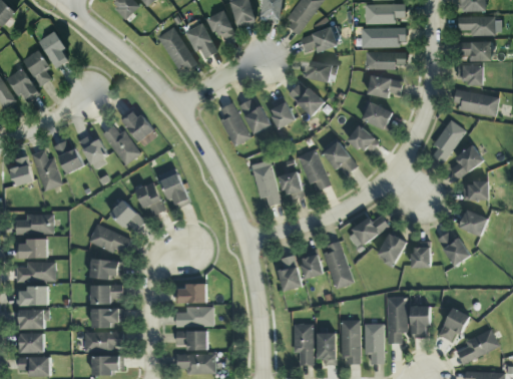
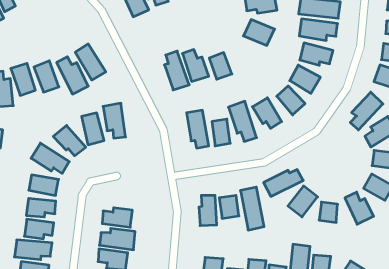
building: [288,84,325,116] -> none

